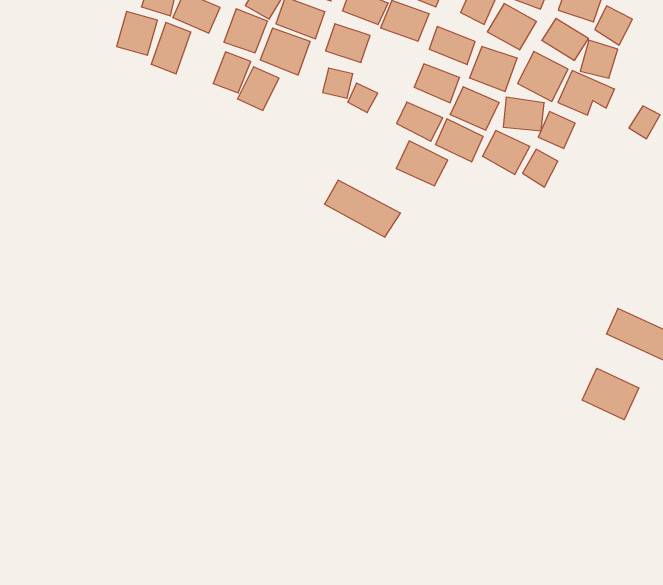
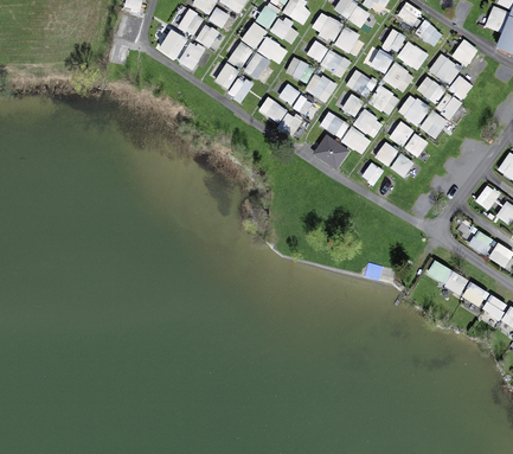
building: none -> [304,72,338,103]
building: [324,180,401,237] -> [257,97,302,136]
building: [582,368,639,420] -> none

